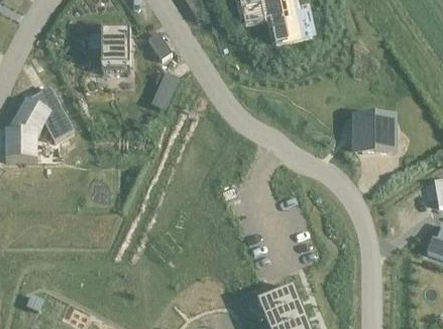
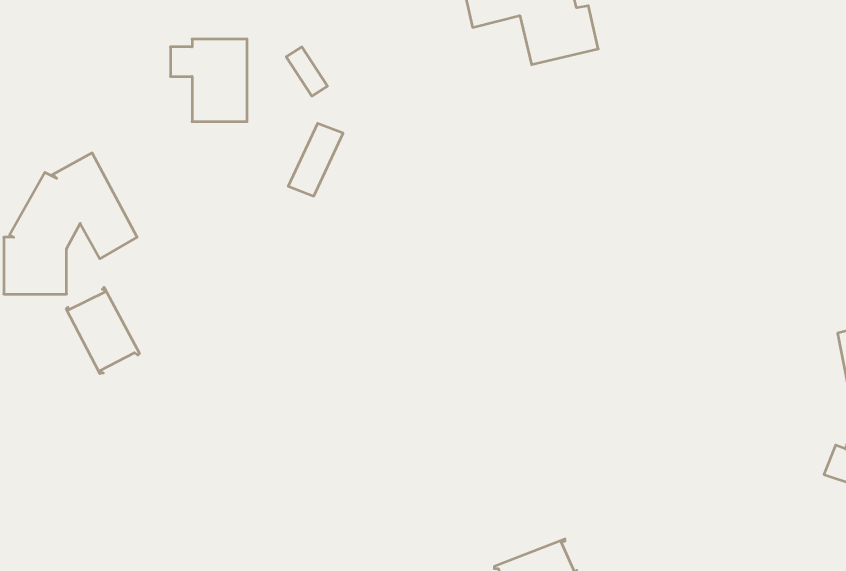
building: [354,115,393,149] -> none
building: none -> [66,287,139,374]

